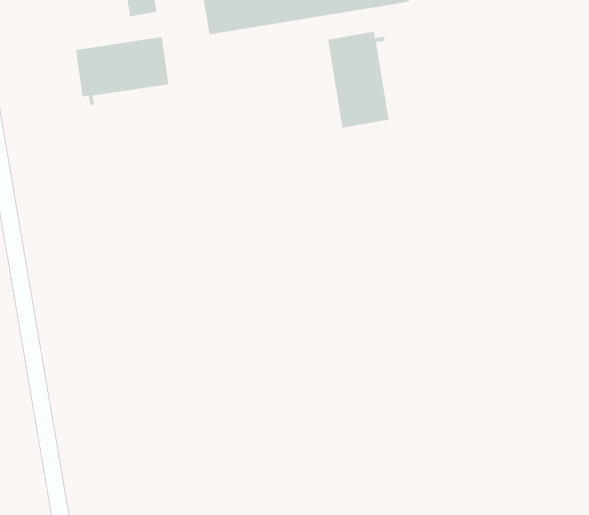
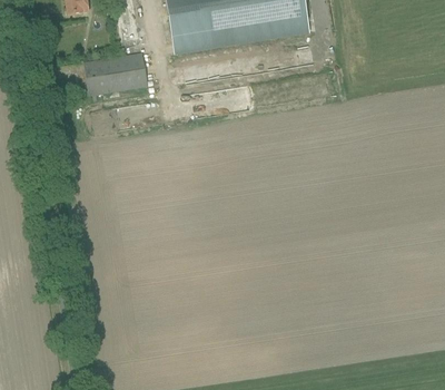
building: [327,31,389,128] -> none

